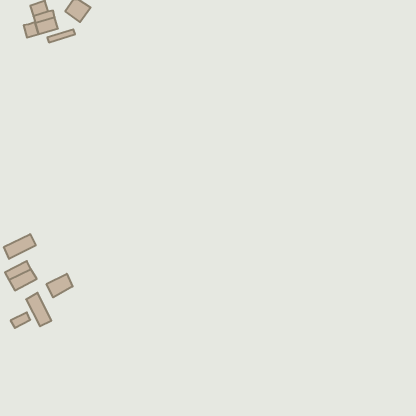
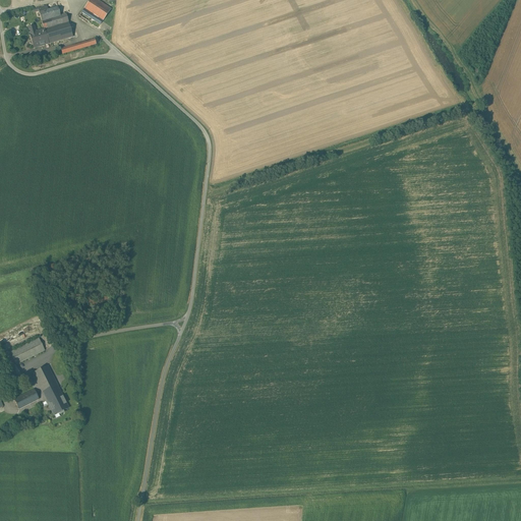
building: [4,234,36,259] -> none
building: [47,274,73,297] -> none

